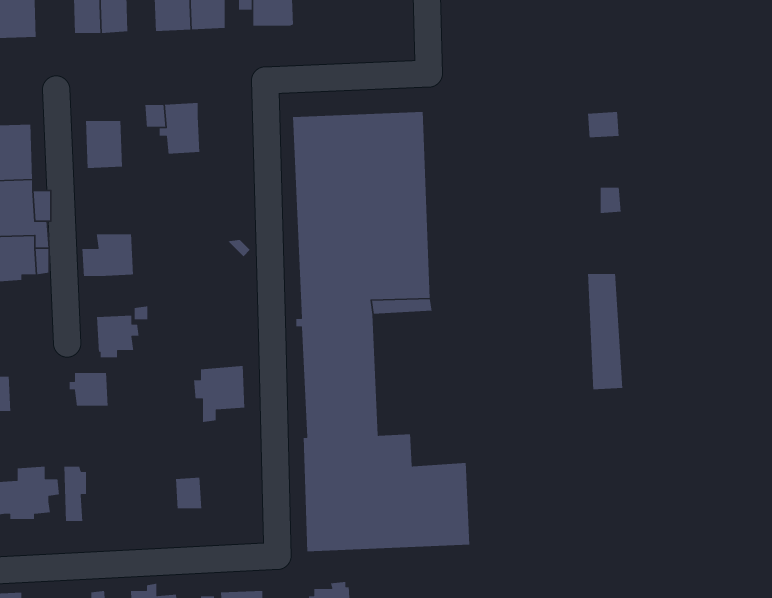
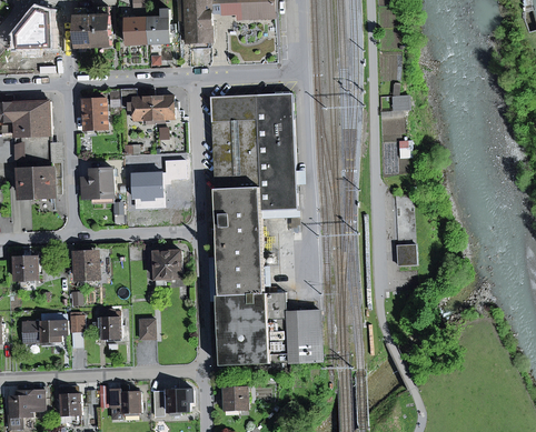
building: none -> [152,96,173,119]
building: [96,315,139,358] -> [131,168,158,194]
building: none -> [90,310,120,339]

